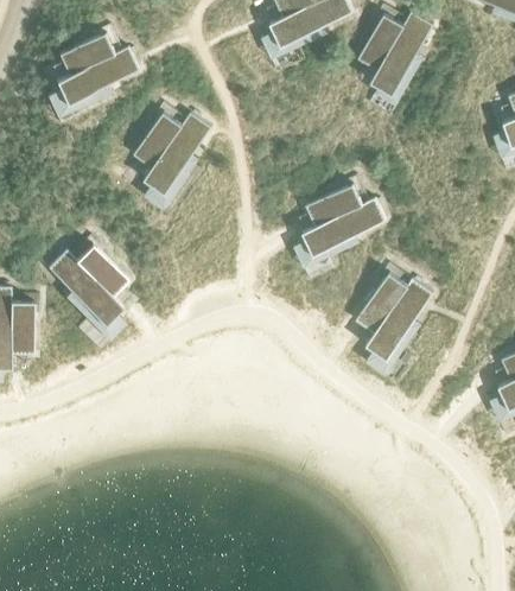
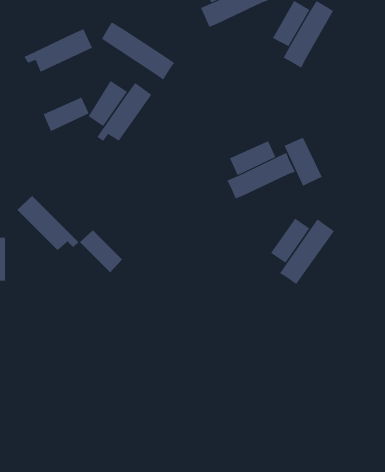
building: [58,34,115,77] -> [43,97,90,132]
building: none -> [101,21,175,80]
building: none -> [284,137,323,187]
building: [75,246,128,299] -> [79,229,123,273]

